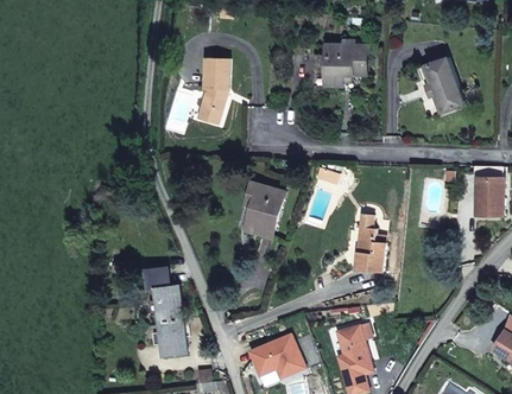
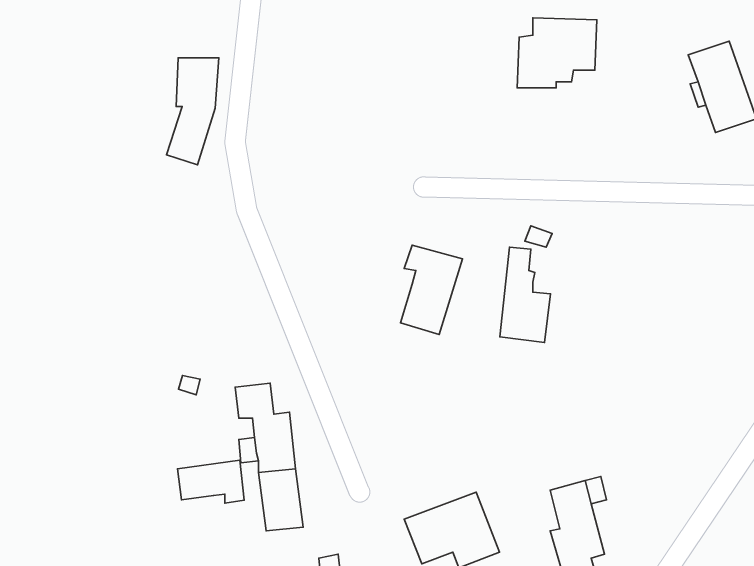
building: [197,58,229,123] -> [166,58,219,165]
building: [355,212,386,271] -> [500,247,550,343]
building: none -> [177,460,244,503]

